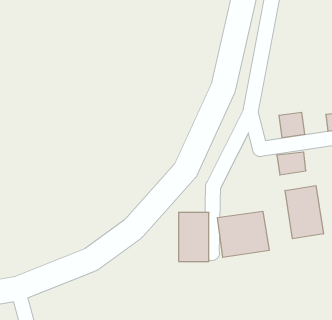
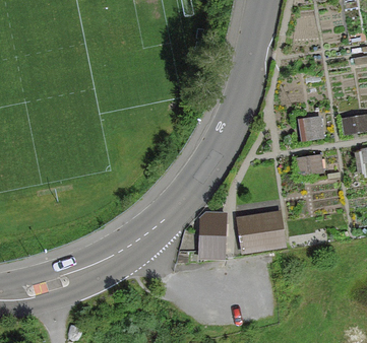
building: [285,186,323,239] -> none

